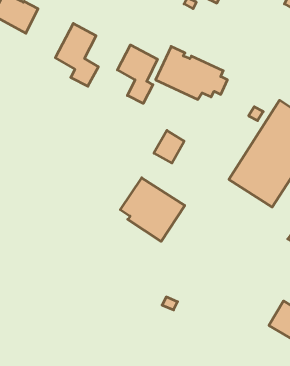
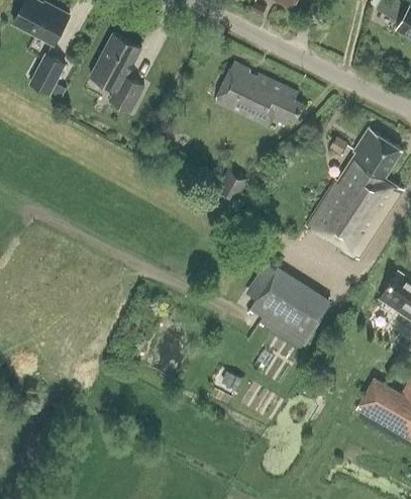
building: none -> [30,55,66,96]
building: [117,45,157,103] -> none
building: [120,178,185,241] -> [249,270,329,348]

